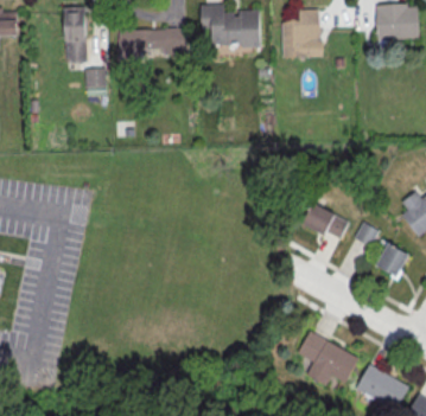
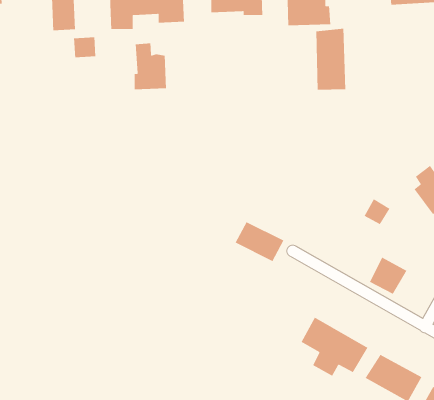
building: none -> [315,28,346,91]
building: none -> [134,42,167,90]
building: [301,200,348,238] -> [234,221,285,262]
building: [374,239,409,275] -> [369,256,407,295]

